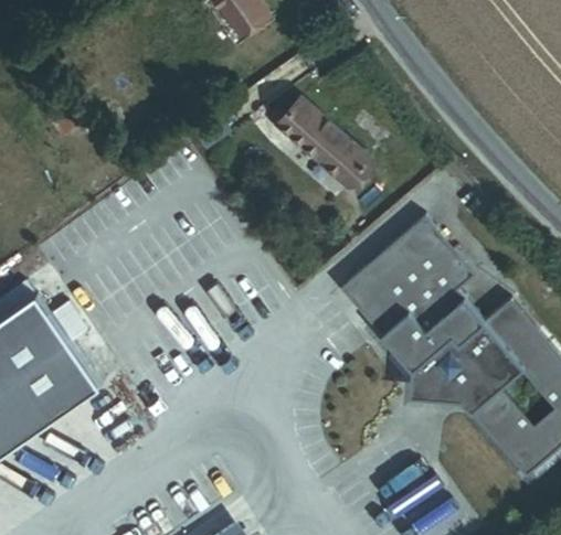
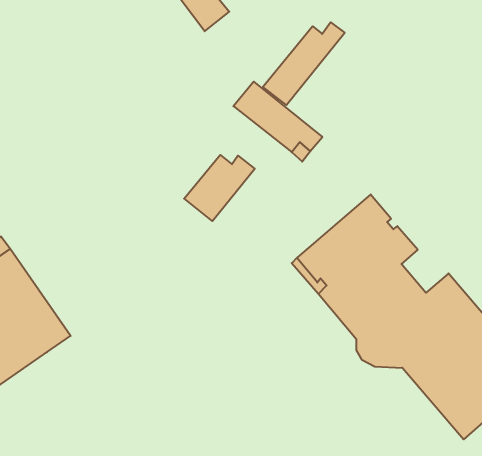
building: none -> [263,22,345,105]
building: none -> [184,155,255,221]

